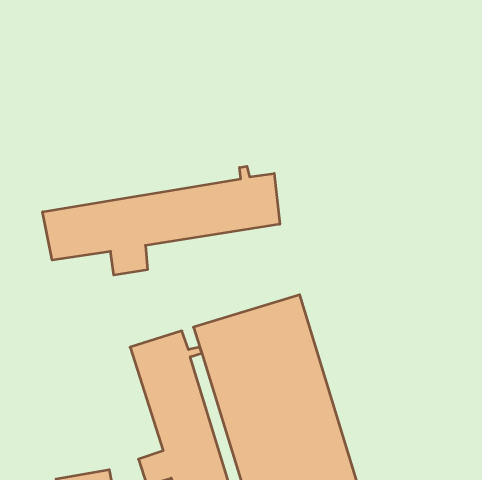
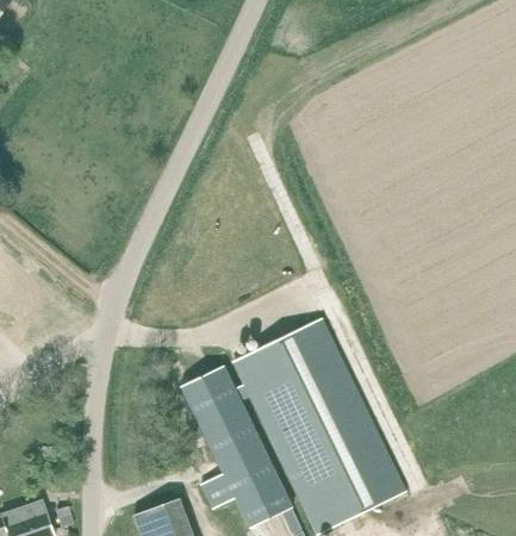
building: [43,166,280,275] -> none

